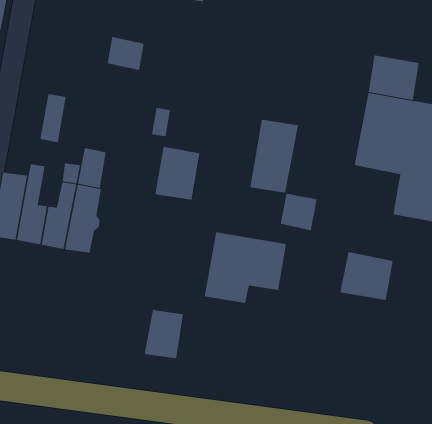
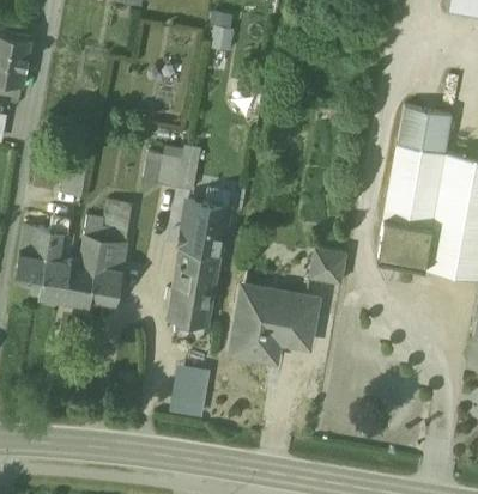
building: [107,36,144,70] -> [143,153,181,188]
building: [249,119,299,193] -> [168,249,218,324]
building: [340,251,393,301] -> [375,219,430,269]

